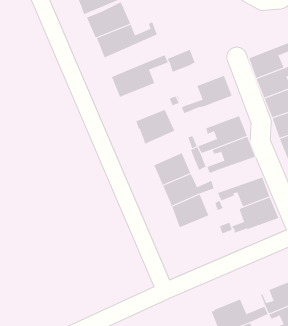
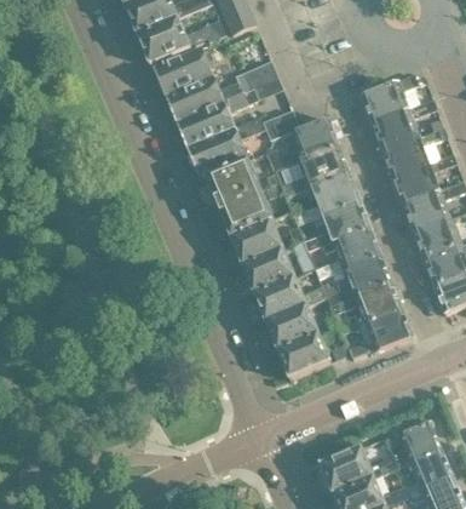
building: none -> [362,73,420,121]
building: none -> [178,76,284,147]
building: none -> [266,118,340,170]
building: none -> [207,159,260,206]
building: none -> [293,172,361,223]
building: none -> [232,219,283,265]
building: none -> [322,254,392,303]
building: none -> [280,333,332,378]

